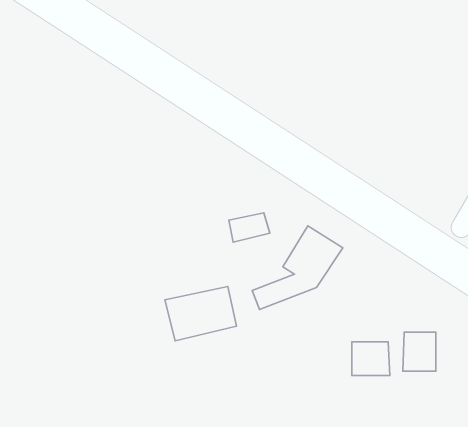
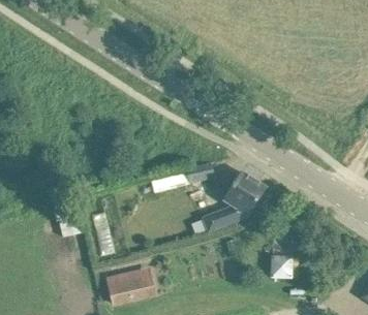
building: [165,287,237,341] -> [104,267,155,306]
building: [403,332,436,371] -> none

